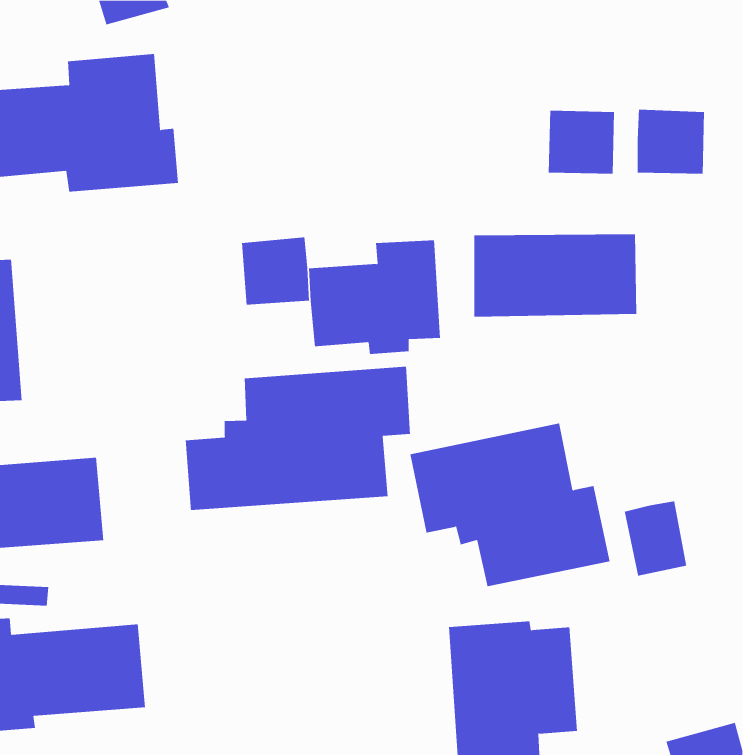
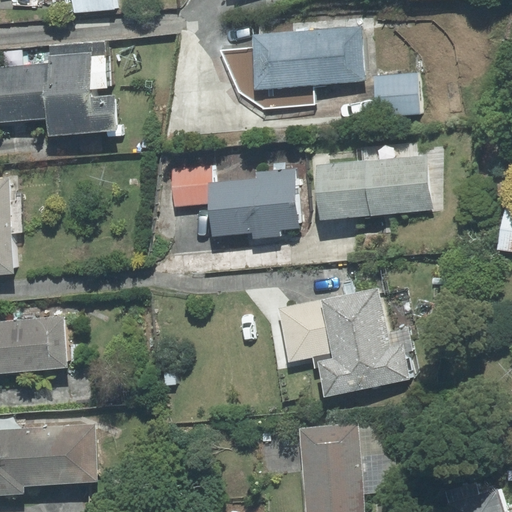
building: none -> [252,30,360,89]
building: [637,109,704,175] -> none
building: [185,366,411,511] -> none
building: [624,501,687,576] -> none

